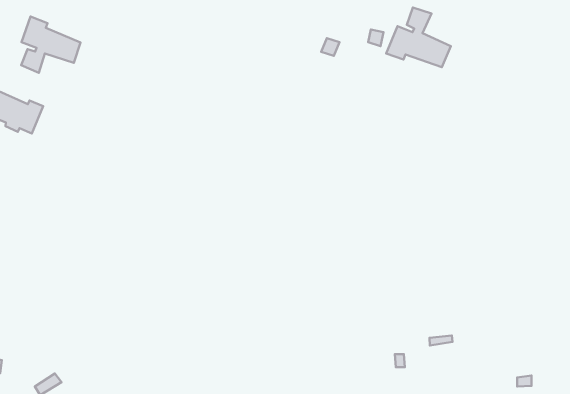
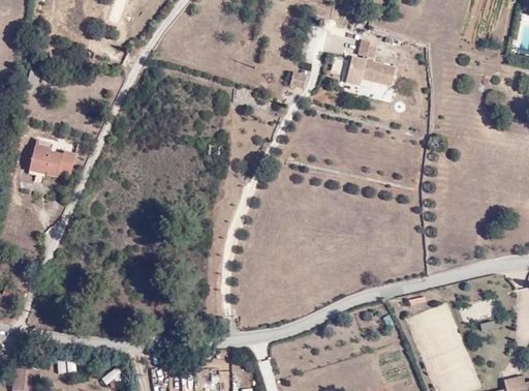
building: [21,16,80,73] -> none

